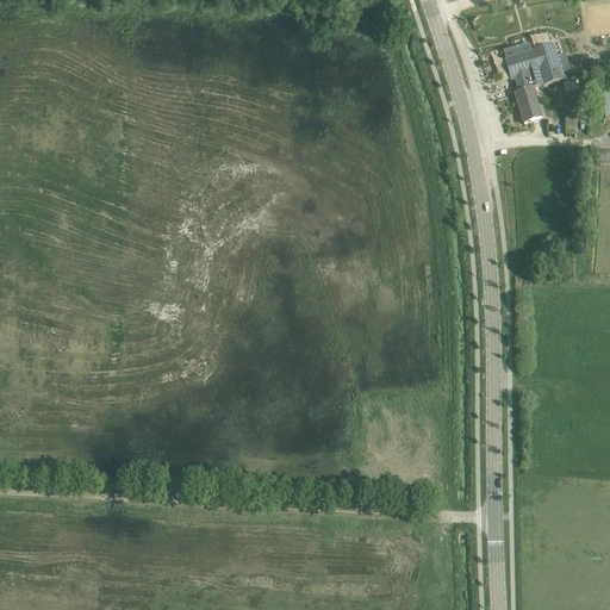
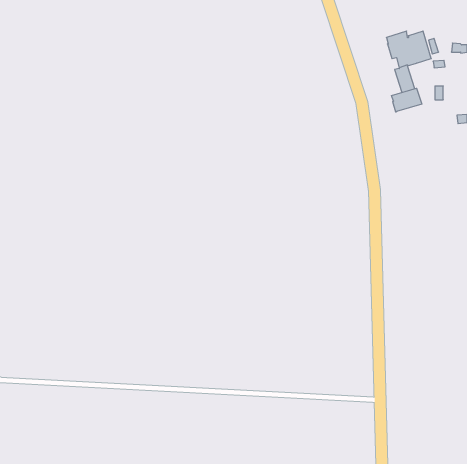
building: none -> [391,88,422,112]

